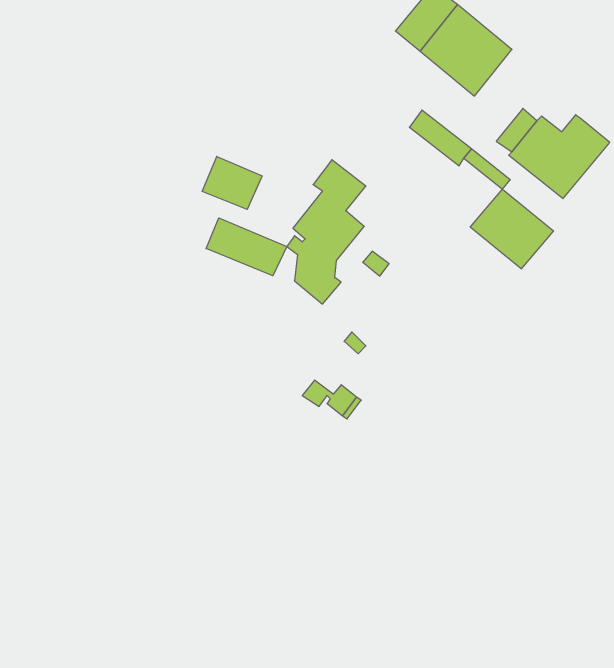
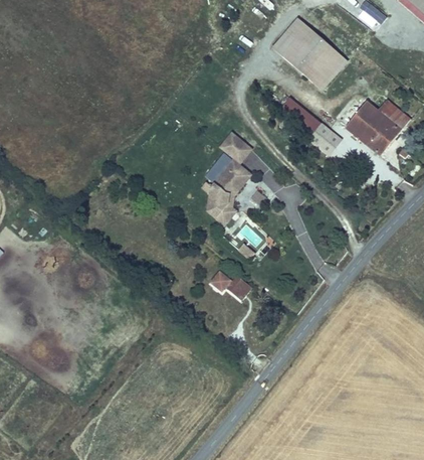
building: [202,156,262,209] -> none
building: [470,189,554,269] -> none
building: [206,218,287,276] -> none

